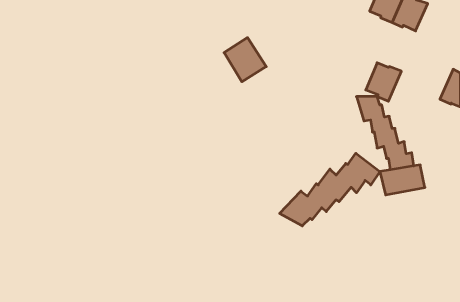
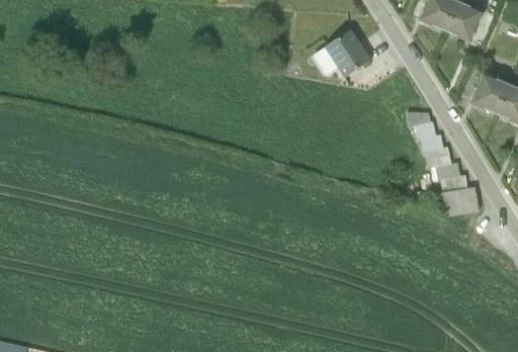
building: [224,38,266,82] -> [325,28,370,76]
building: [366,63,401,101] -> [470,74,509,115]
building: [280,153,380,226] -> none

